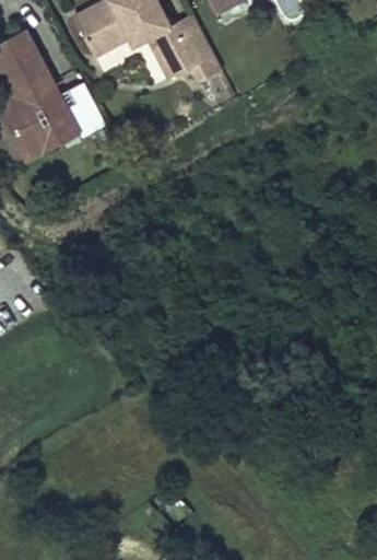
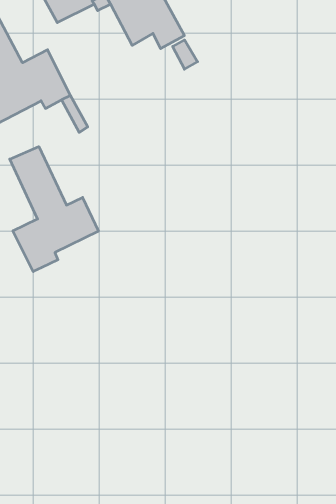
building: none -> [10,147,98,272]

